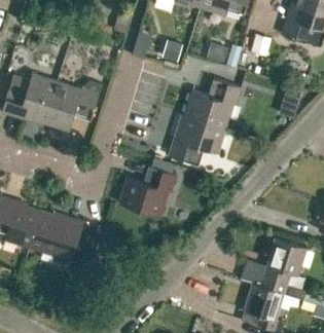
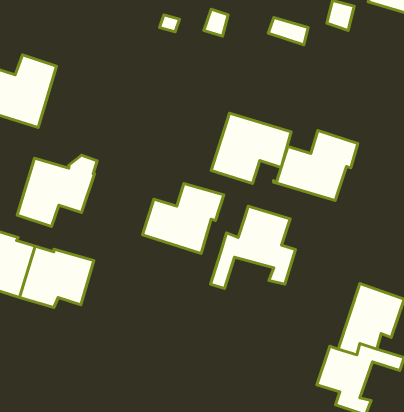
building: [181,77,242,127] -> [274,131,358,201]
building: [44,78,102,129] -> [17,155,97,227]
building: none -> [210,206,295,288]

